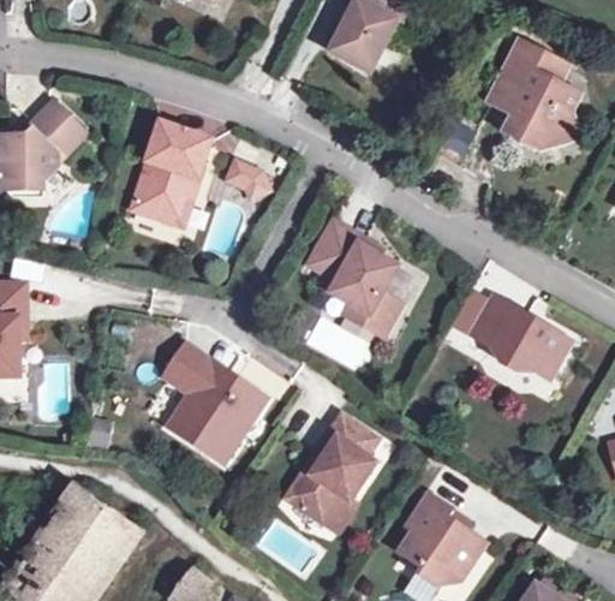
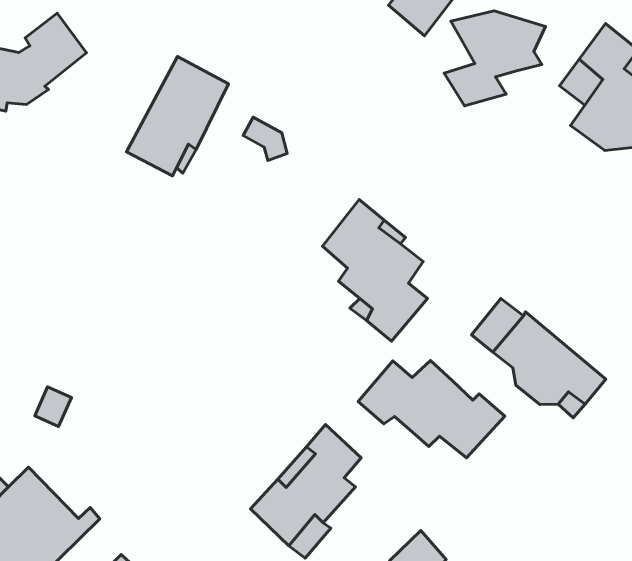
building: none -> [444,11,546,106]
building: [162,343,265,462] -> none
building: none -> [358,360,505,458]

